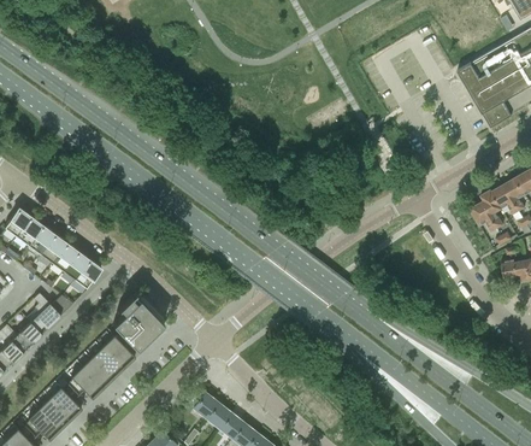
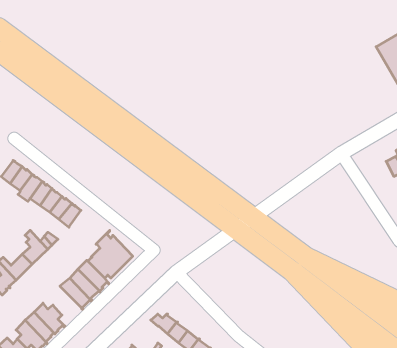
building: [65,359,101,398] -> none

